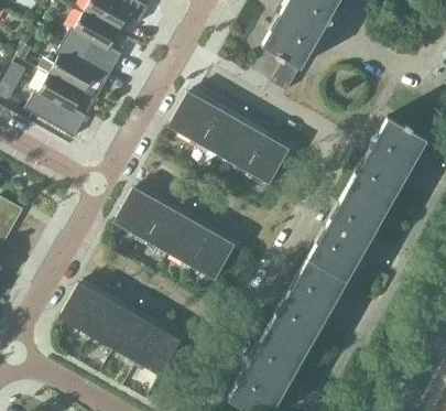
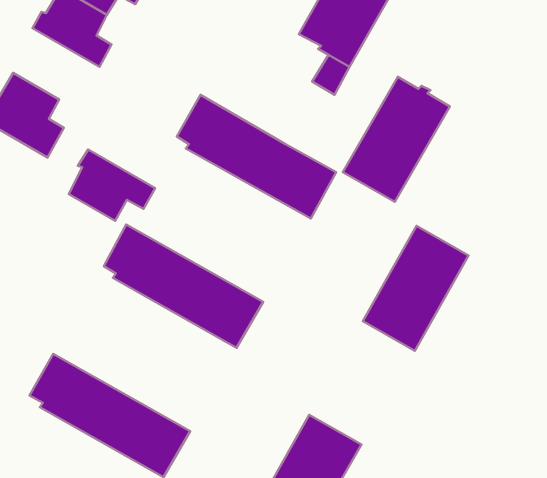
building: [48,42,112,95] -> [69,149,155,221]
building: [347,118,426,210] -> [343,77,450,202]
building: [268,259,346,350] -> none

